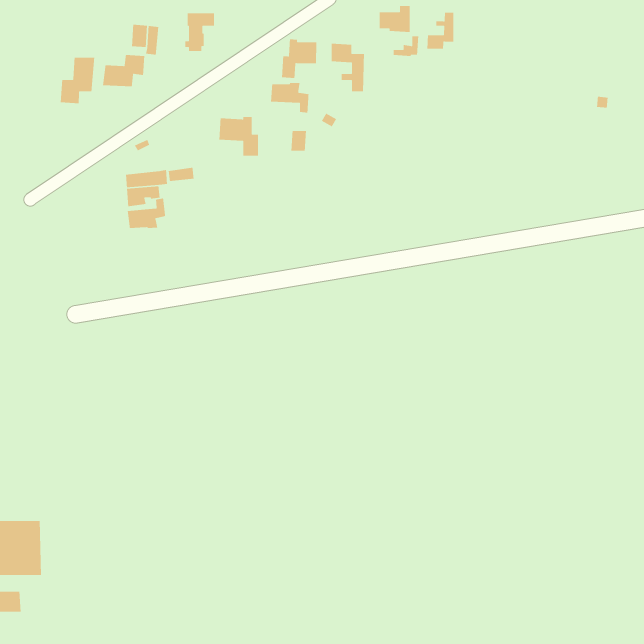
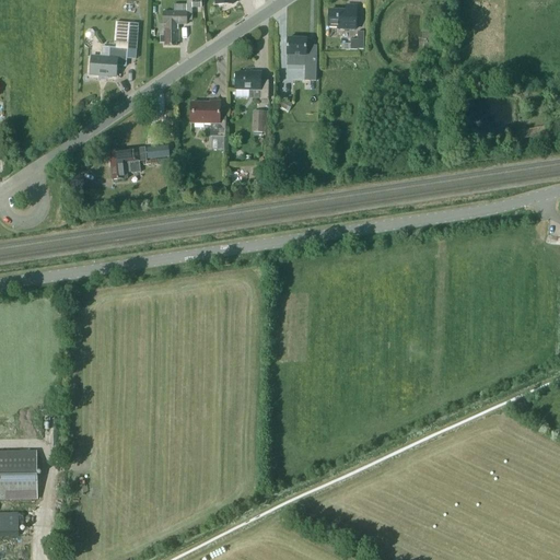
building: [427,12,454,50] -> none
building: [281,38,317,79] -> none
building: [60,57,95,104] -> none
building: [127,198,166,229] -> none

